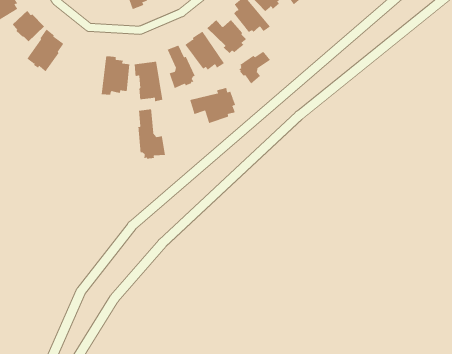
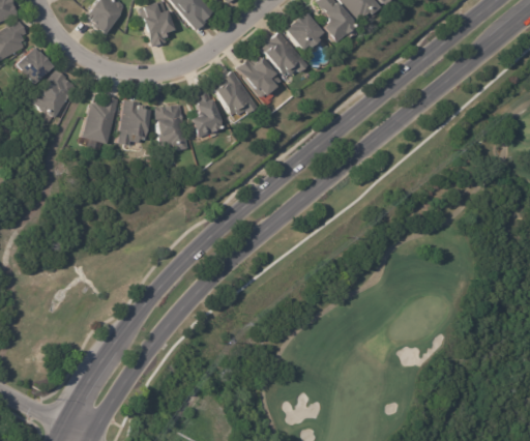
building: [238,51,271,84] -> none
building: none -> [82,95,117,144]
building: [189,87,236,124] -> none
building: [138,109,166,160] -> none

